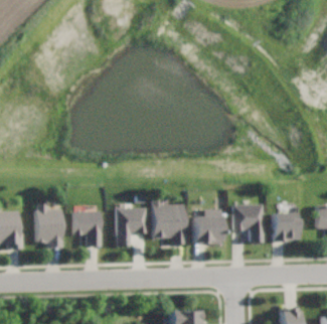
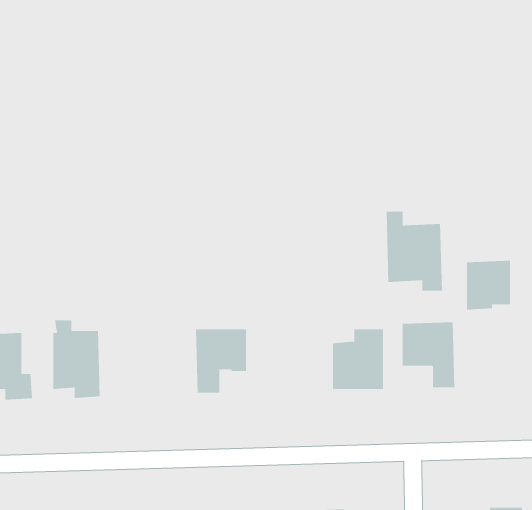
building: [152,198,184,244] -> [386,211,443,291]
building: [72,212,101,247] -> none
building: [273,213,298,241] -> [466,260,511,310]

